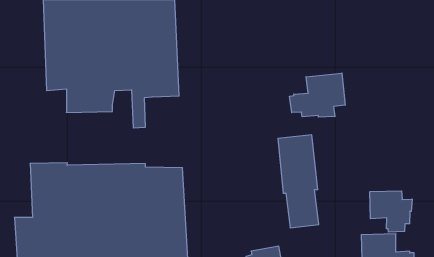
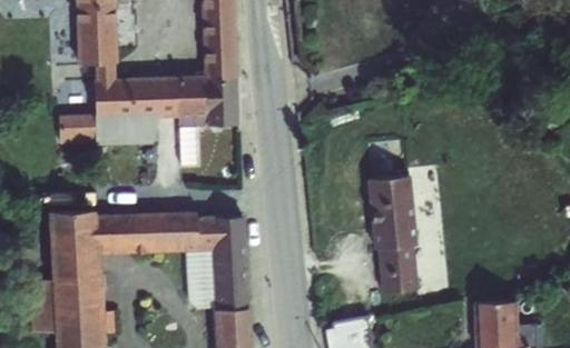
building: [290,73,345,117] -> none
building: [370,191,412,232] -> none

